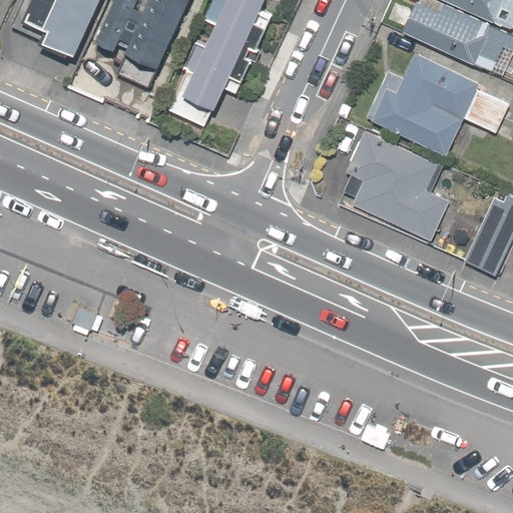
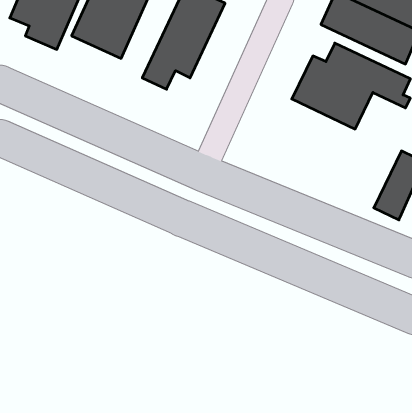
building: [330,122,455,242] -> none

